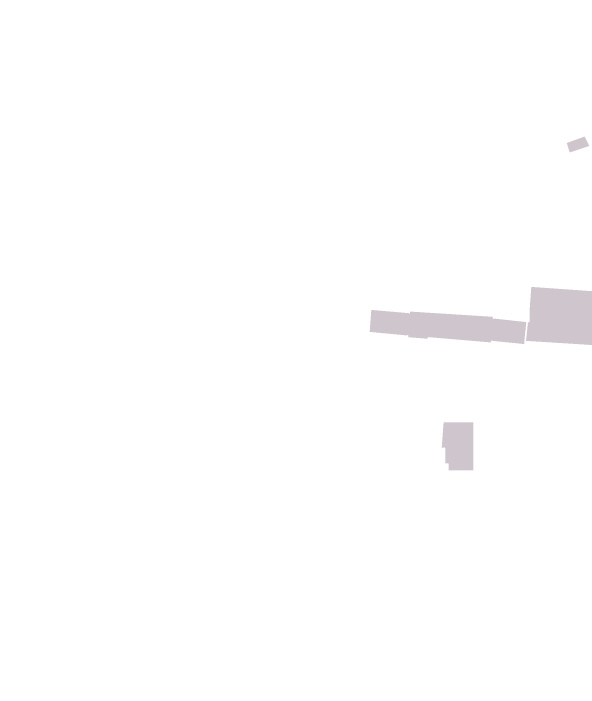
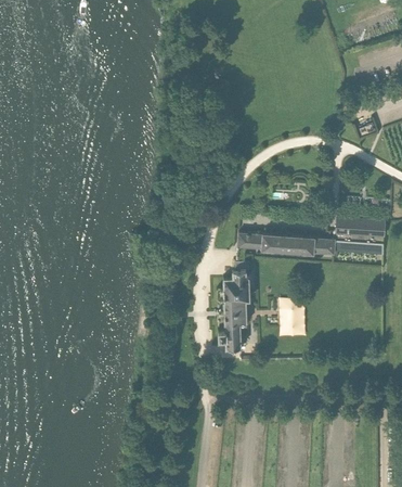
building: none -> [217,270,250,349]

